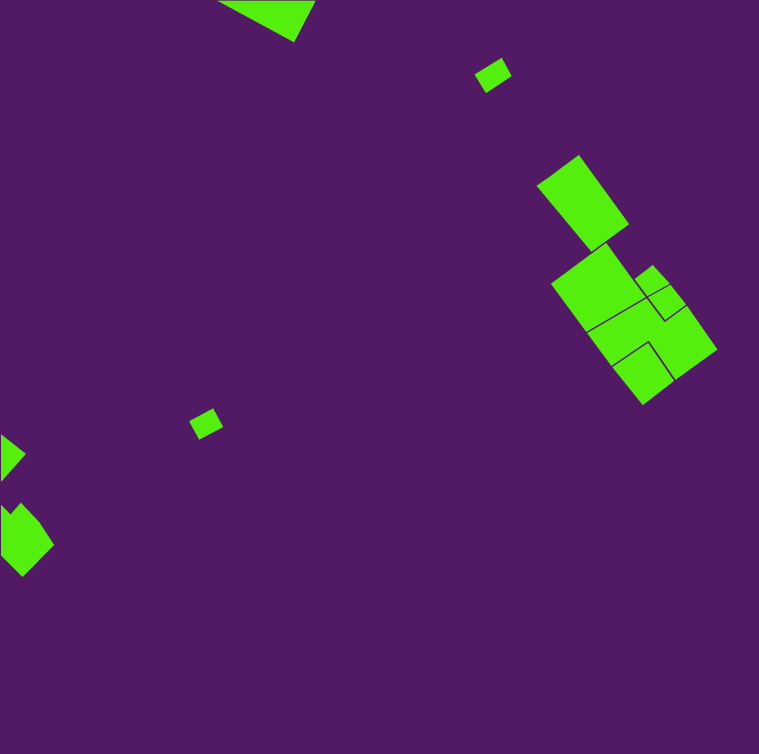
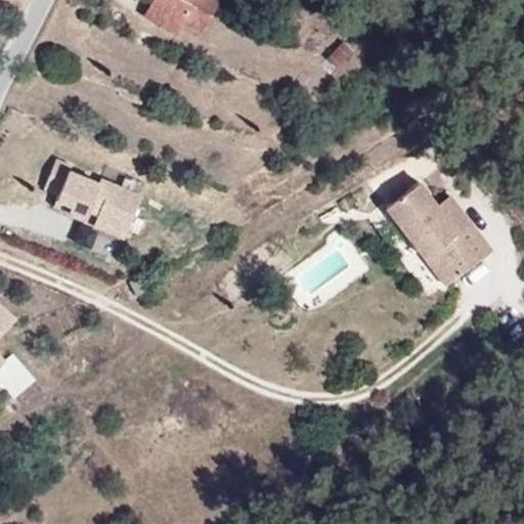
building: [535,154,630,253] -> none
building: none -> [42,160,139,242]

